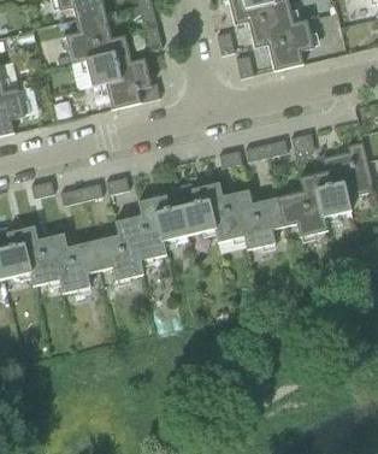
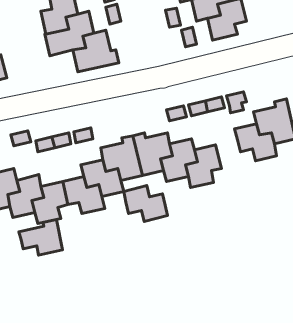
building: [277,190,327,236] -> none
building: none -> [124,186,167,222]
building: none -> [19,220,63,255]

